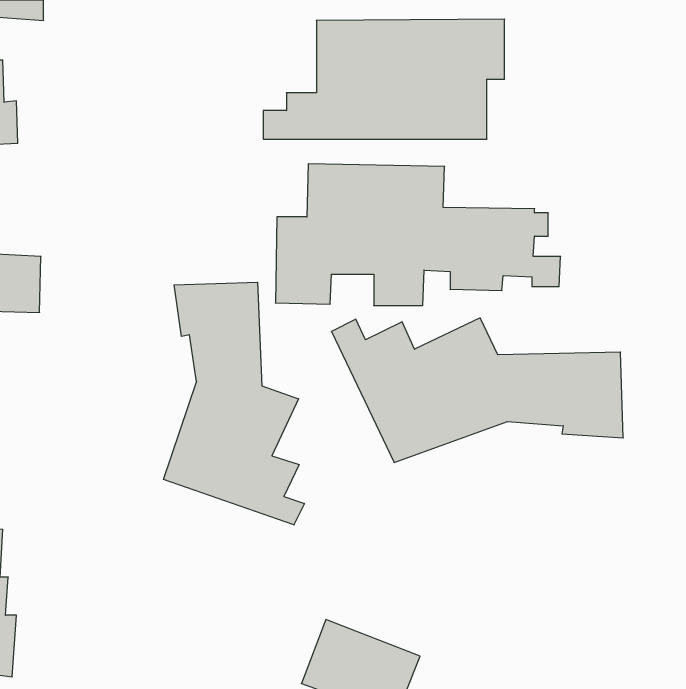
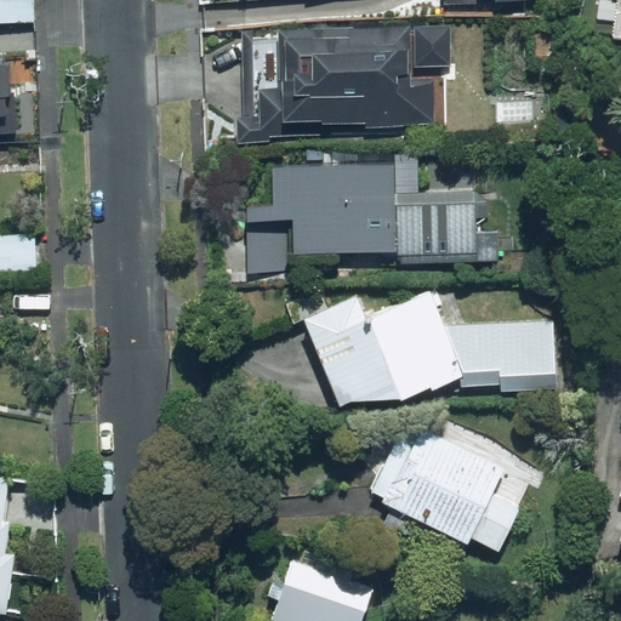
building: [164,282,304,525] -> none
building: none -> [366,420,523,549]

